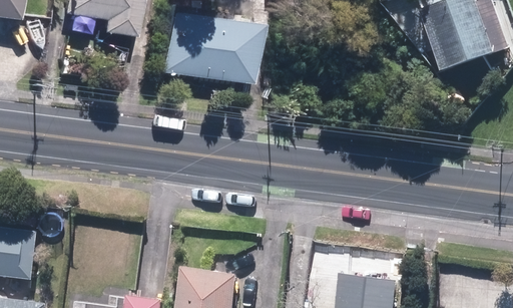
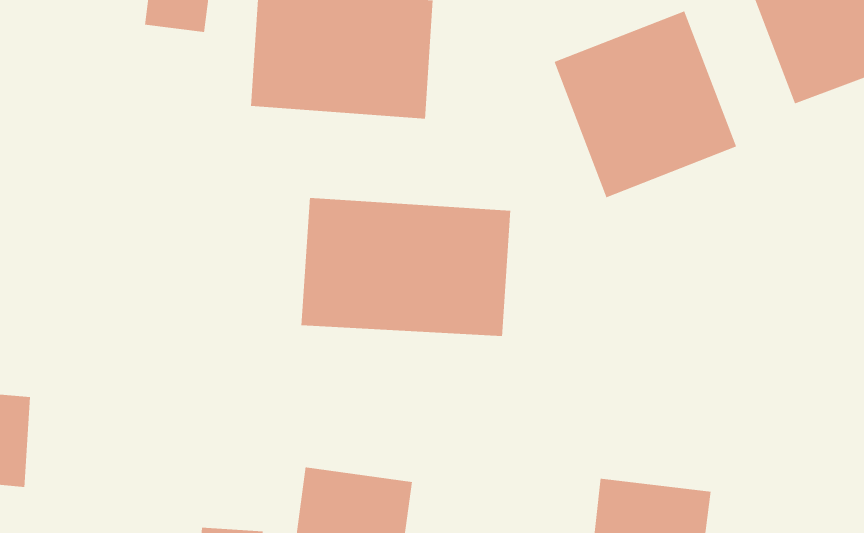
building: none -> [554,10,737,198]
building: none -> [301,197,511,337]

